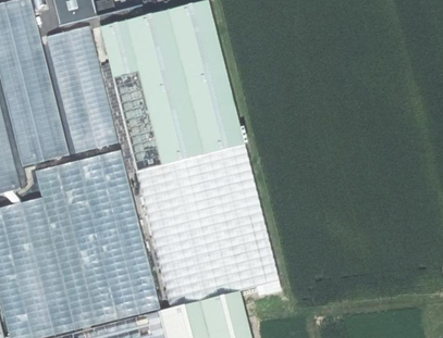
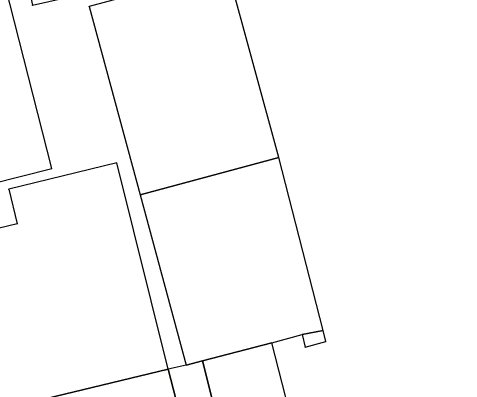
building: [45,27,118,153] -> none

